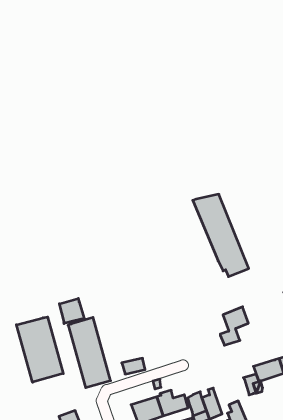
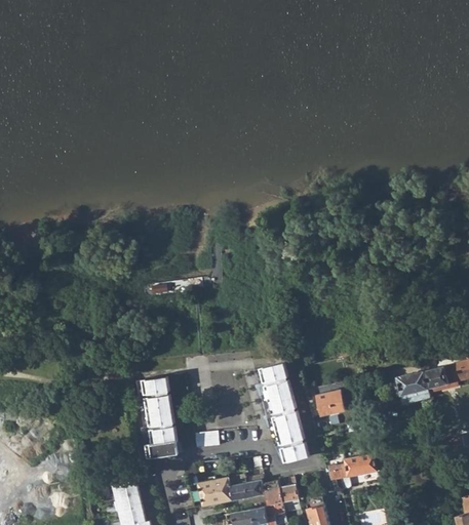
building: [193,194,249,277] -> [255,367,308,462]
building: [59,298,84,324] -> none
building: [16,317,63,382] -> none

